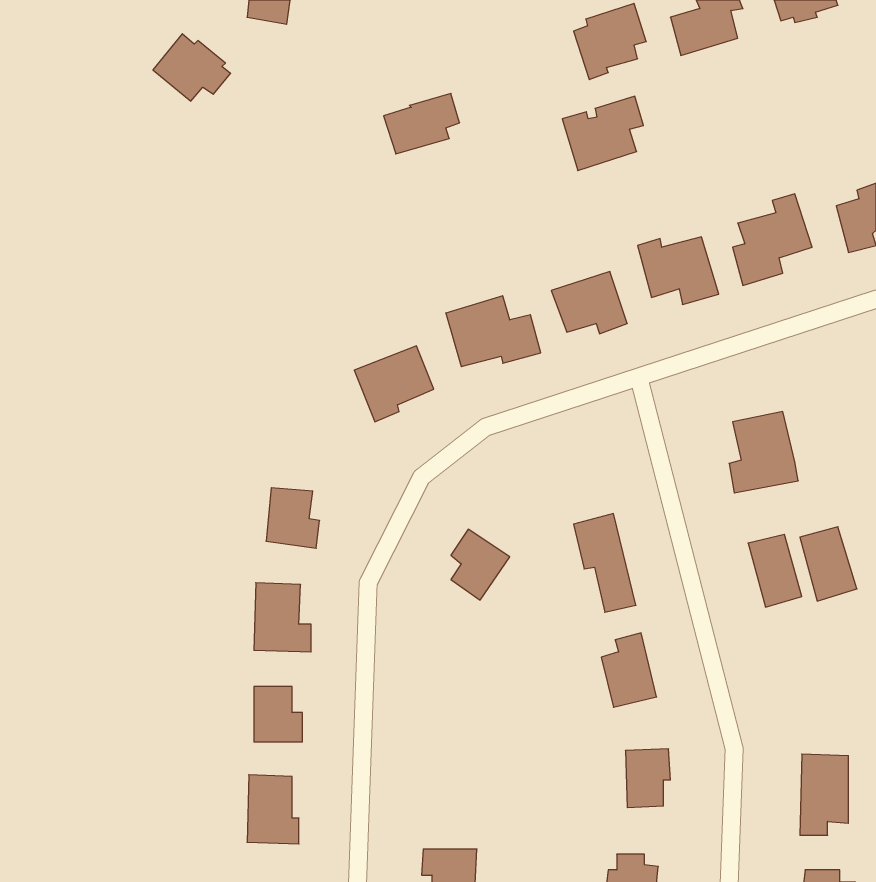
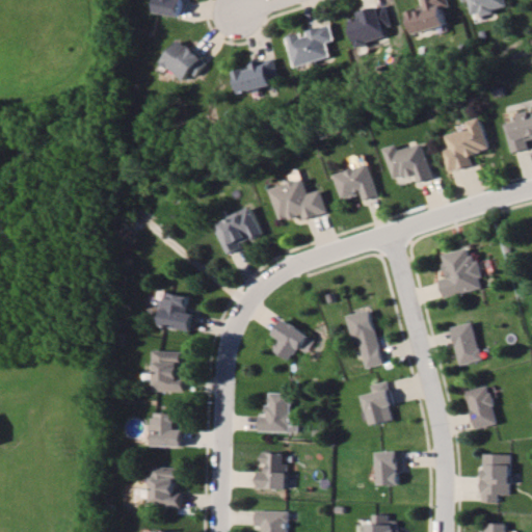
building: [153,34,231,101] -> [156,39,203,80]
building: [562,96,643,171] -> [283,23,331,68]
building: [800,527,857,601] -> [466,385,500,430]
building: none -> [257,393,297,433]
building: none -> [256,452,287,489]

